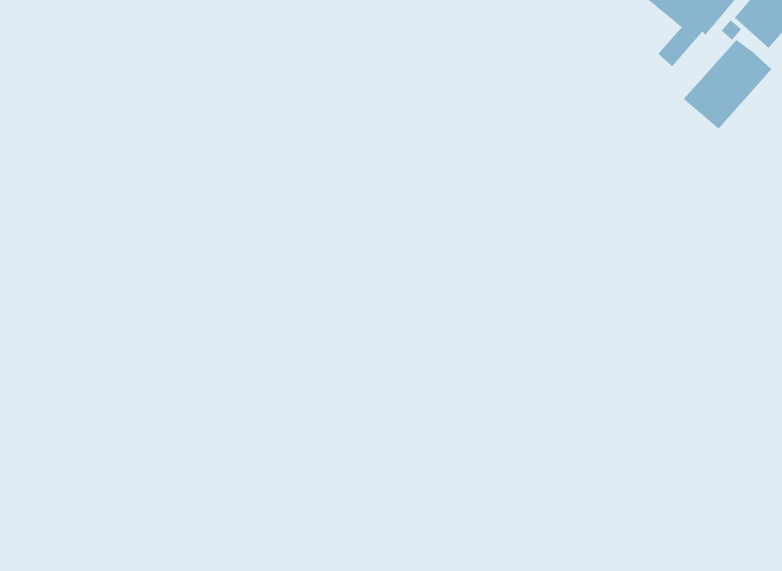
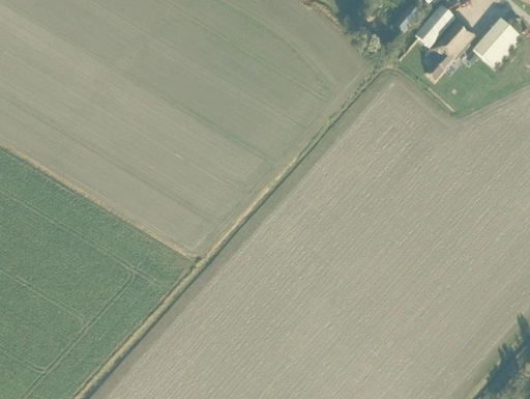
building: [683,39,772,129] -> none

